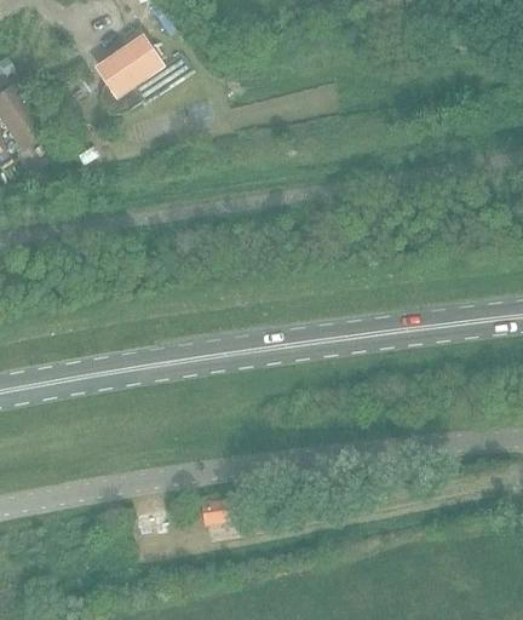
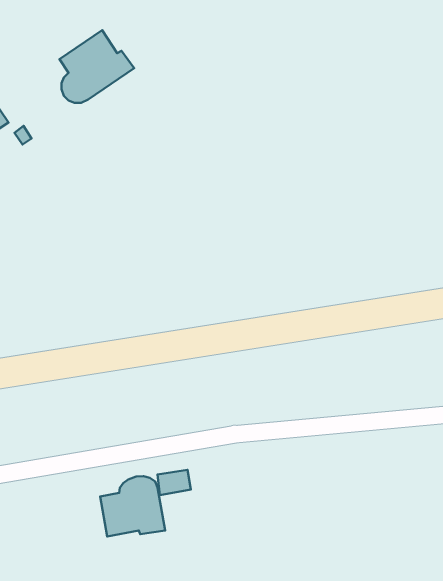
building: none -> [100,476,165,536]

